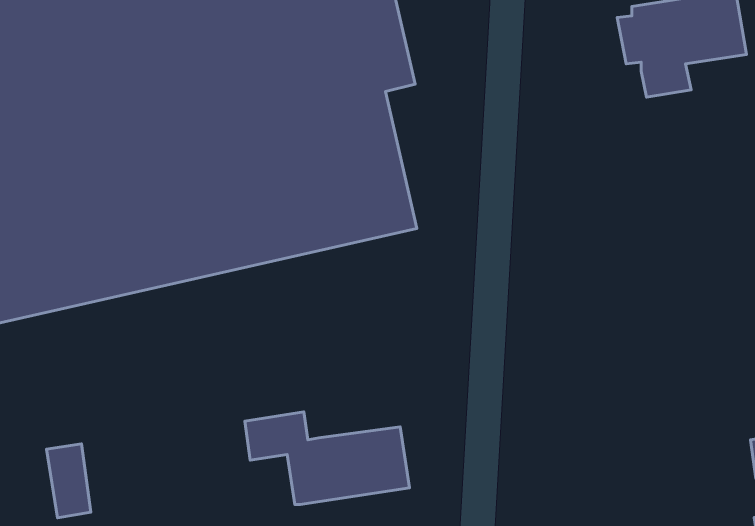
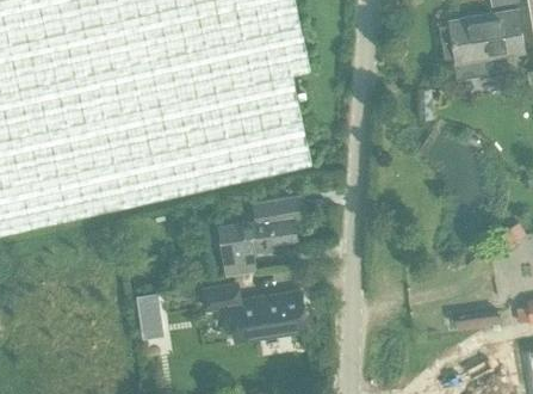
building: none -> [217,196,300,276]
building: [46,444,91,518] -> [136,293,165,340]

